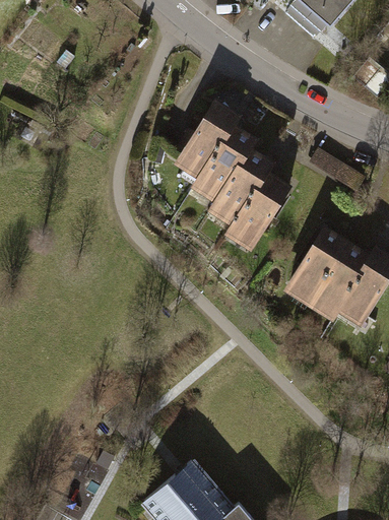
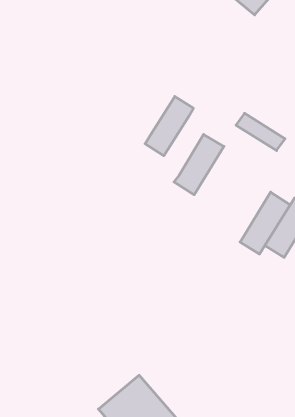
building: [177,102,239,175] -> none
building: [214,152,272,222] -> none
building: [286,229,347,303] -> none

